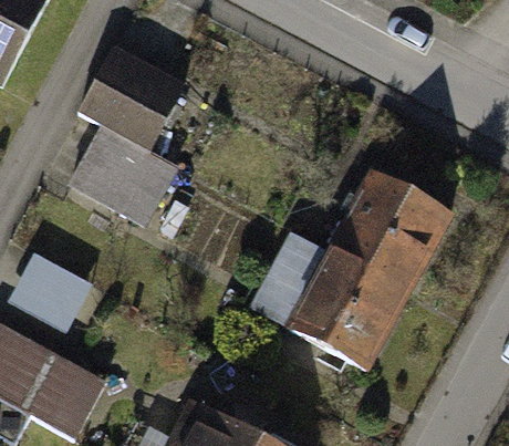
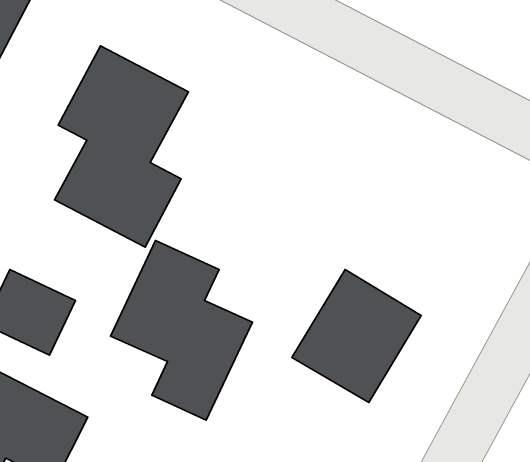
building: [329,168,443,288] -> none
building: none -> [110,241,253,420]

